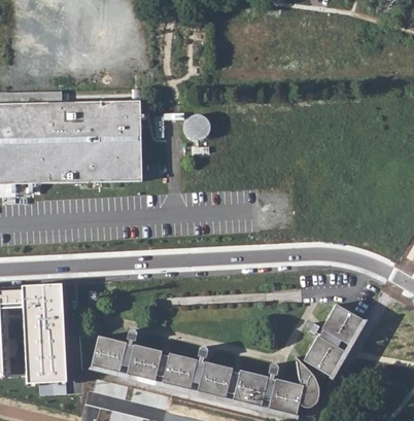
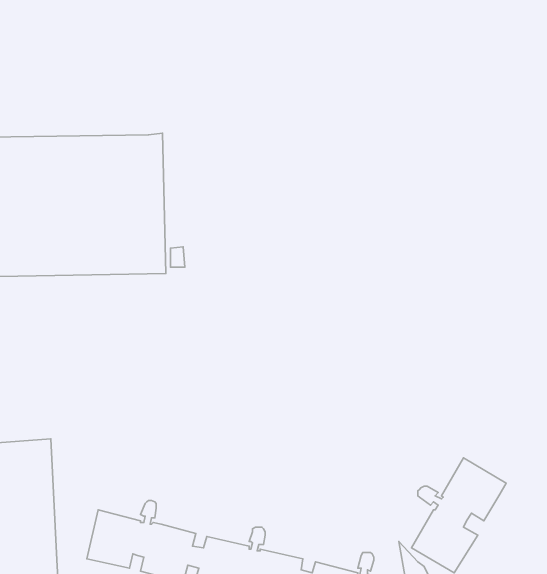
building: [183,116,209,141] -> none

